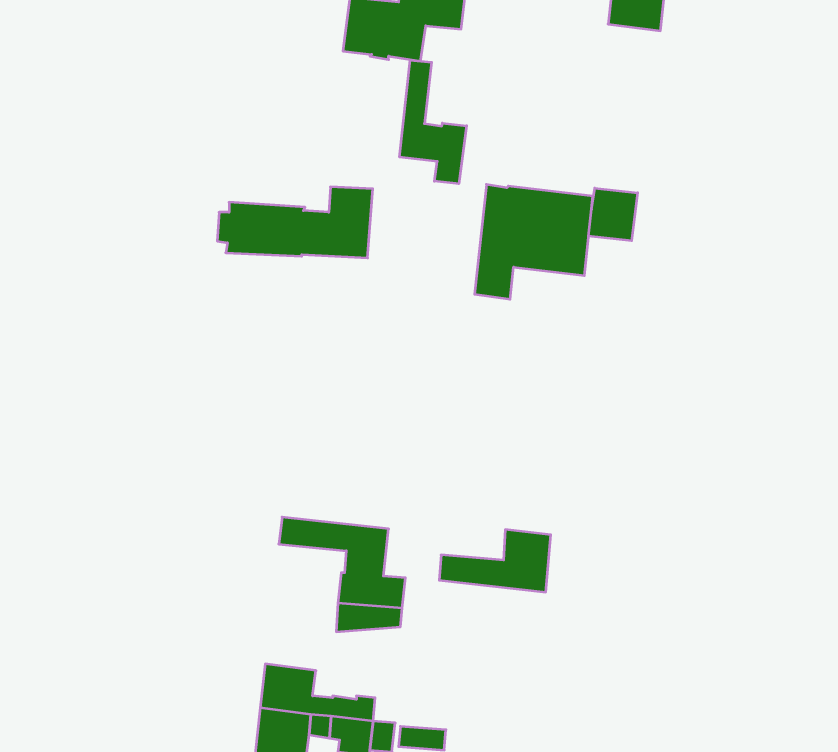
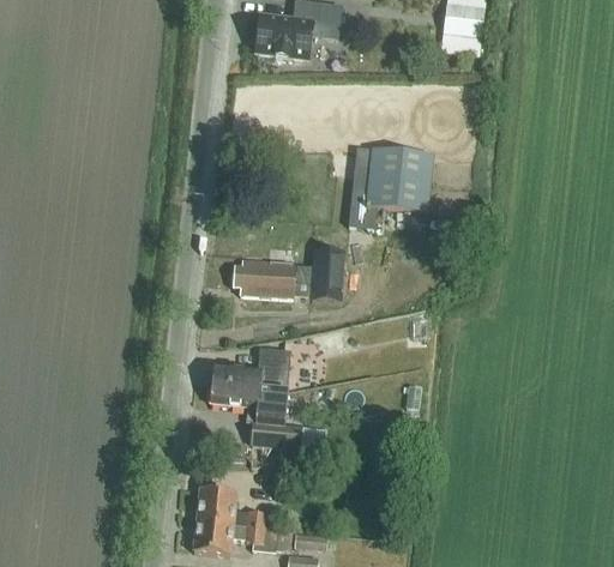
building: [400,60,467,184] -> none
building: [217,187,373,258] -> [234,247,344,297]
building: [589,188,638,241] -> none
building: [439,530,551,592] -> [212,346,291,391]

